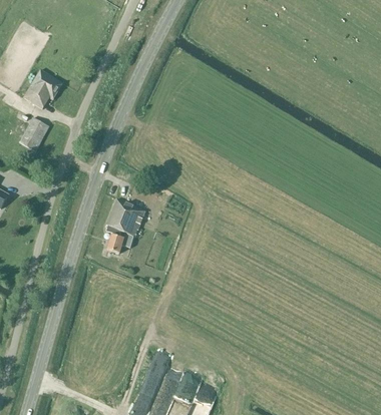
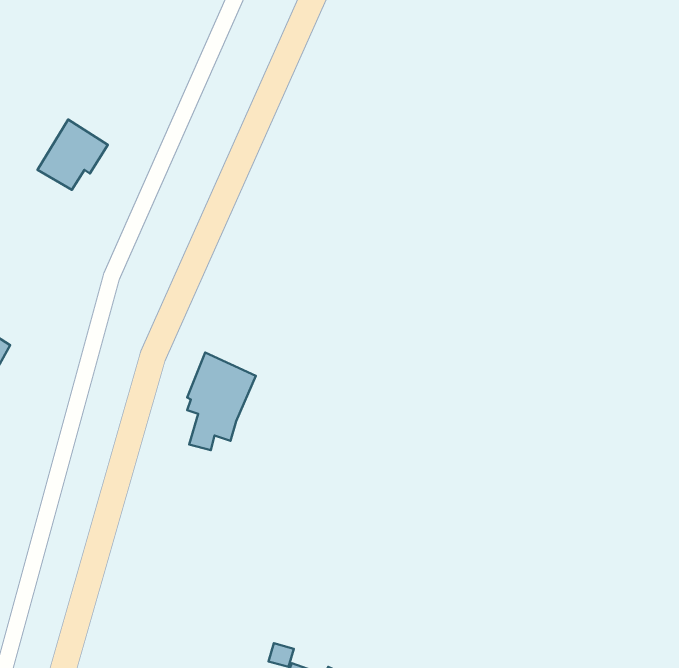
building: [19,117,48,150] -> none

